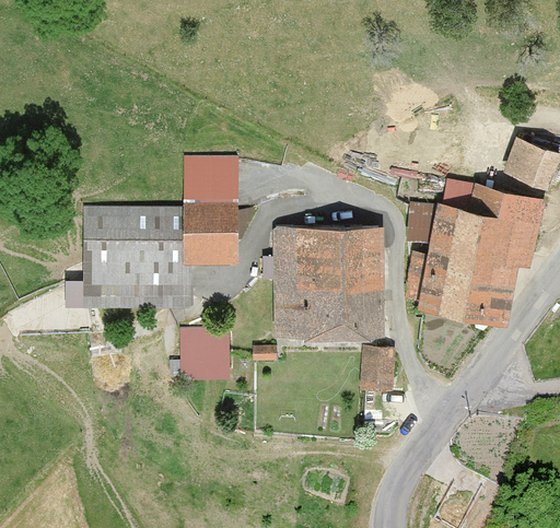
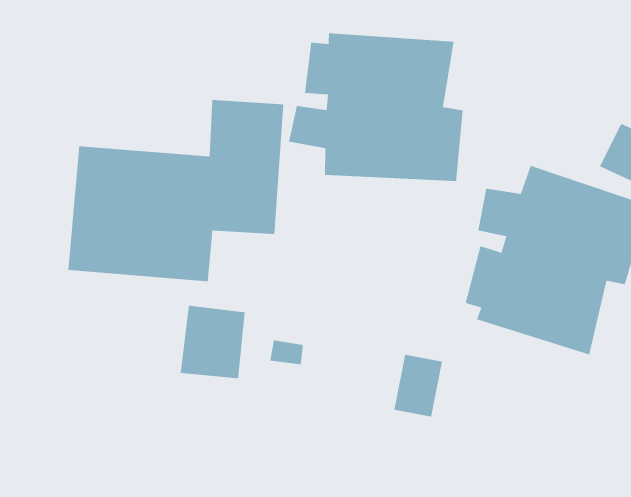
building: none -> [289,33,463,182]
building: [271,224,386,341] -> none

